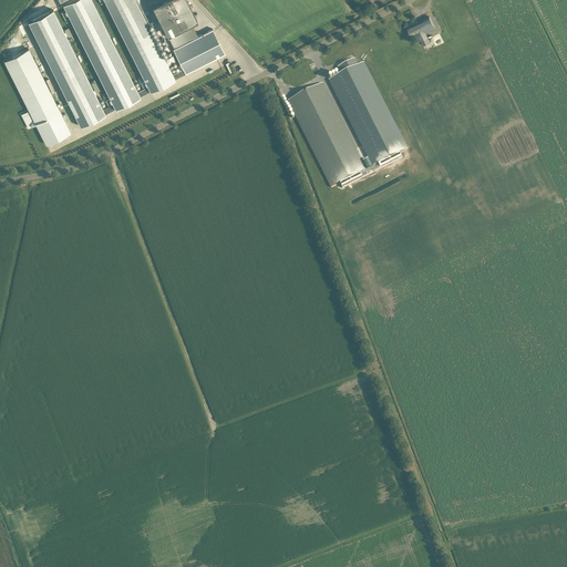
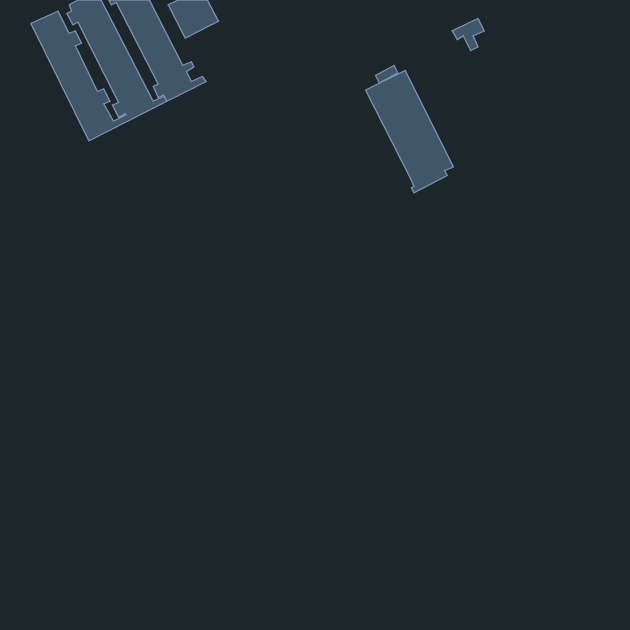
building: [172,30,224,74] -> none
building: [4,50,69,145] -> none
building: [287,85,365,189] -> none

